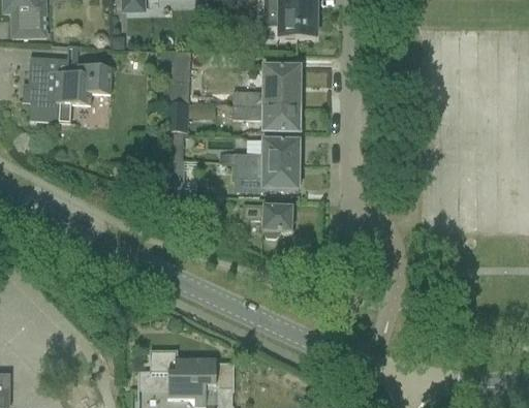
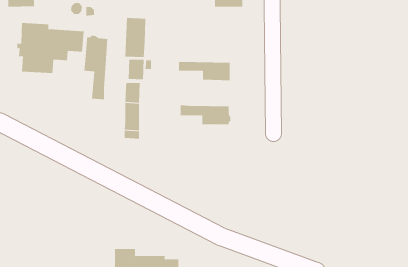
building: [231,65,299,107] -> none
building: none -> [84,35,108,100]
building: [234,138,301,164] -> none
building: [244,203,291,237] -> none

